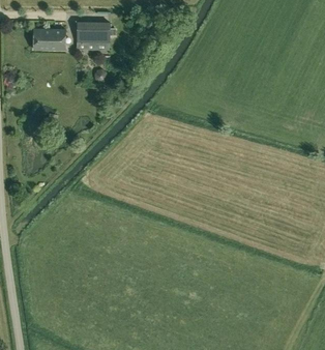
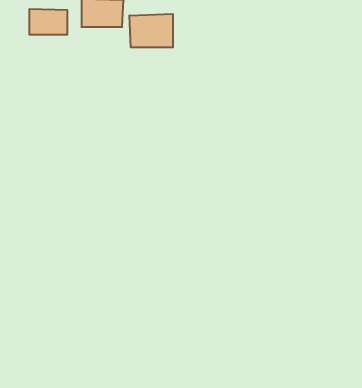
building: none -> [129,14,173,47]

